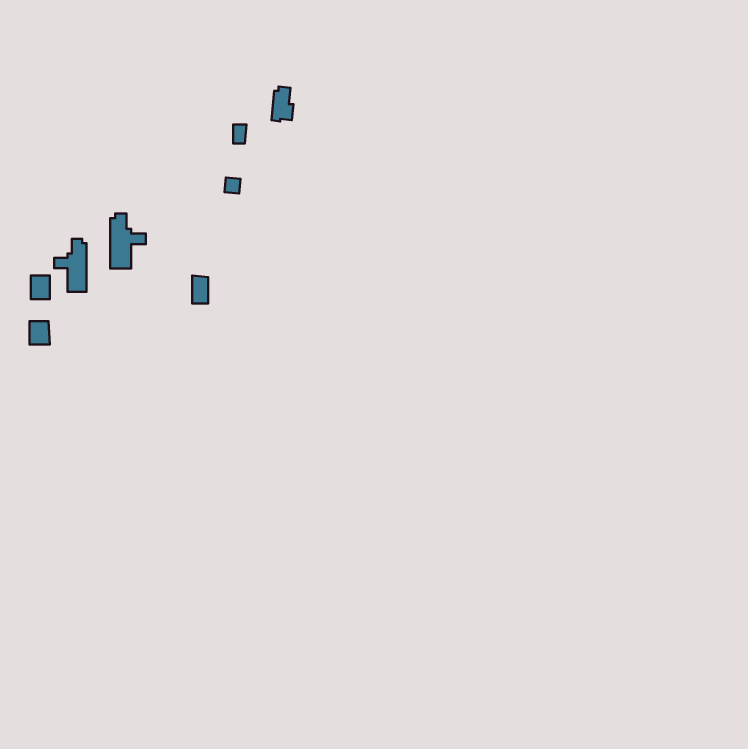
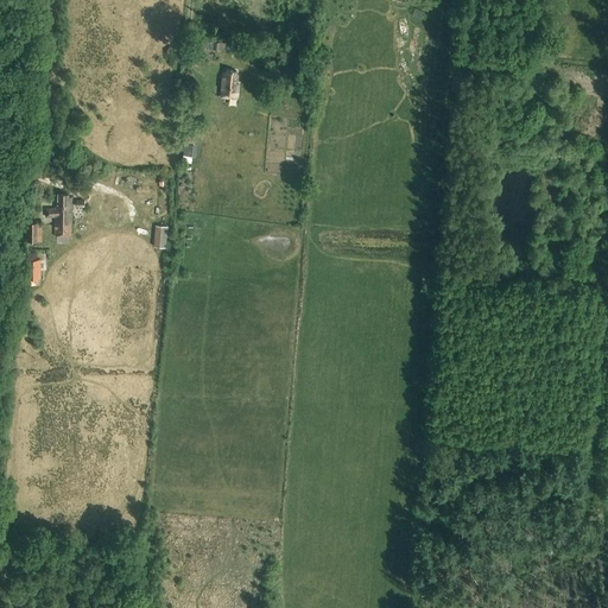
building: [110,214,146,269] -> none

